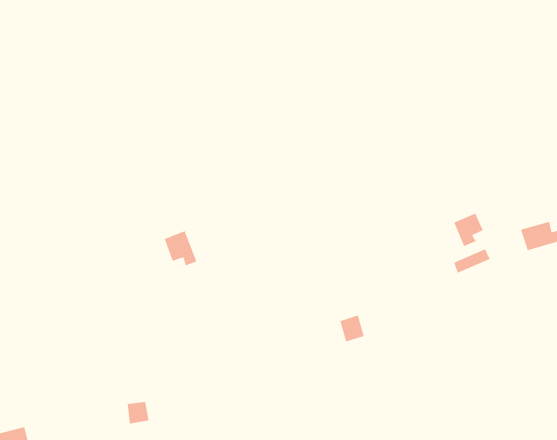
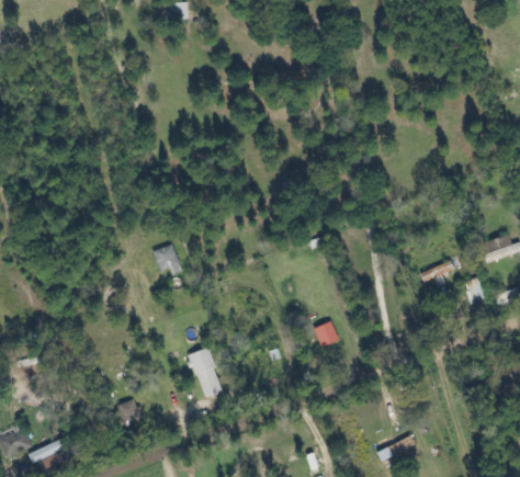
building: [453,213,484,247] -> none
building: none -> [189,348,222,398]

